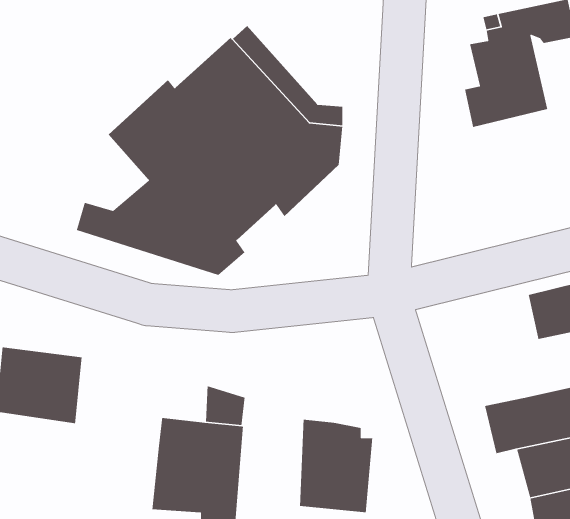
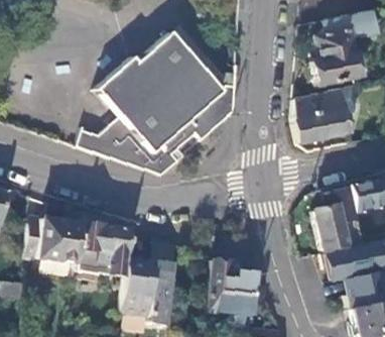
building: none -> [293,84,359,143]
building: none -> [313,186,357,252]
building: none -> [78,213,132,276]

